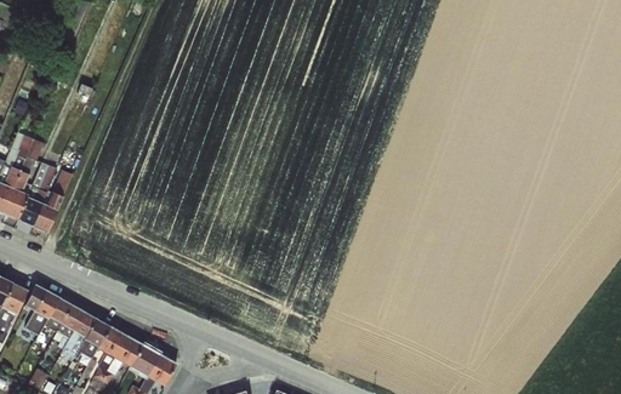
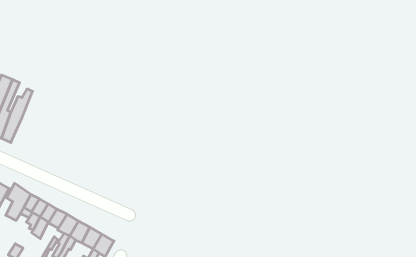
building: [32,170,73,234] -> none

